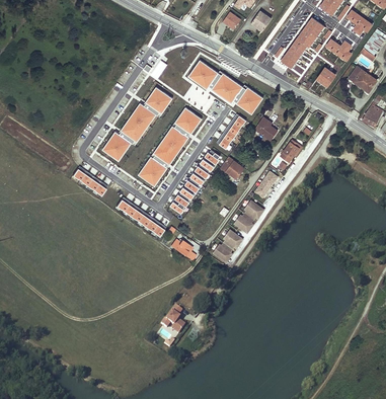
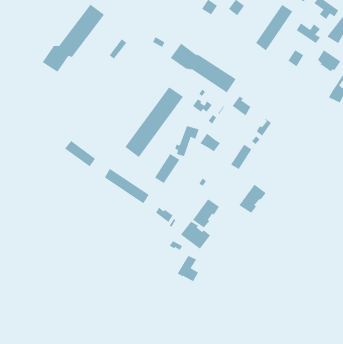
building: [101,86,170,161] -> [42,4,105,72]
building: [233,201,263,233] -> [239,184,266,214]
building: none -> [180,221,211,249]
building: [160,305,184,334] -> [177,255,199,282]

